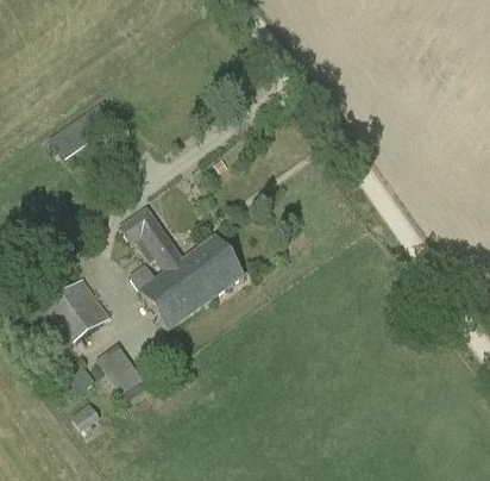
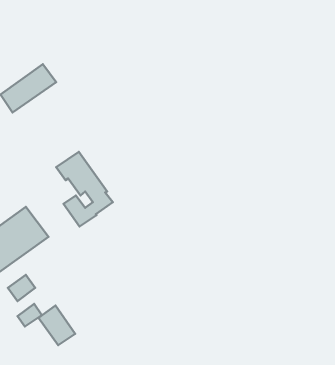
building: [150,236,243,329] -> none
building: [96,343,143,393] -> [38,305,75,345]

